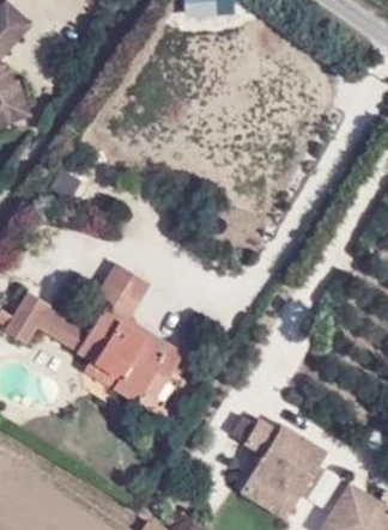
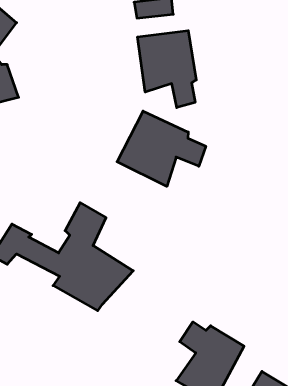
building: none -> [138,31,196,108]
building: none -> [117,111,206,186]

